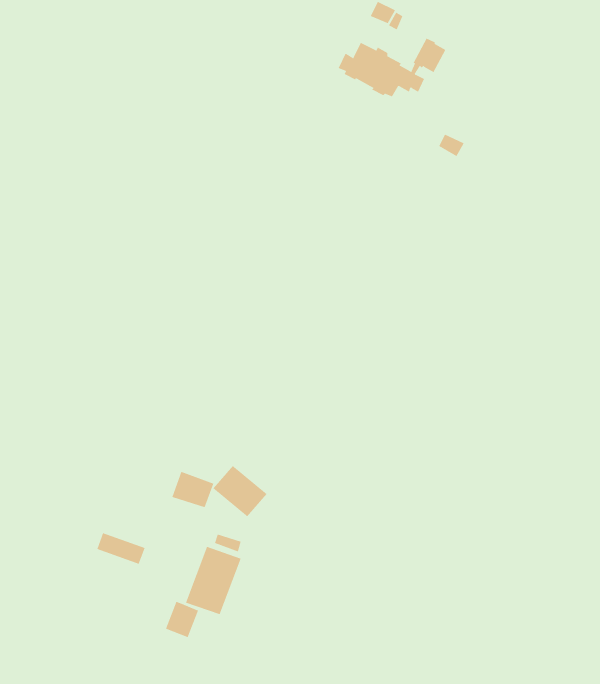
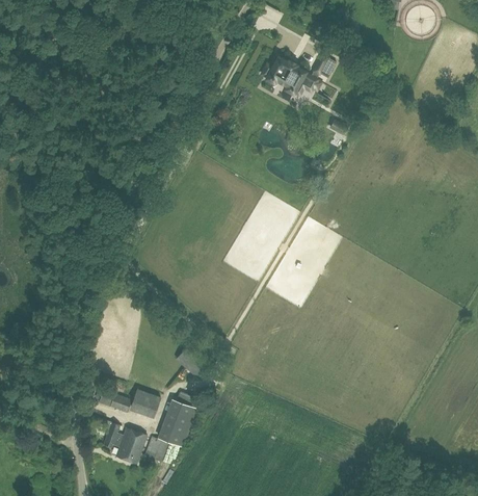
building: [172,471,214,508] -> [130,389,159,414]
building: none -> [103,422,145,464]

